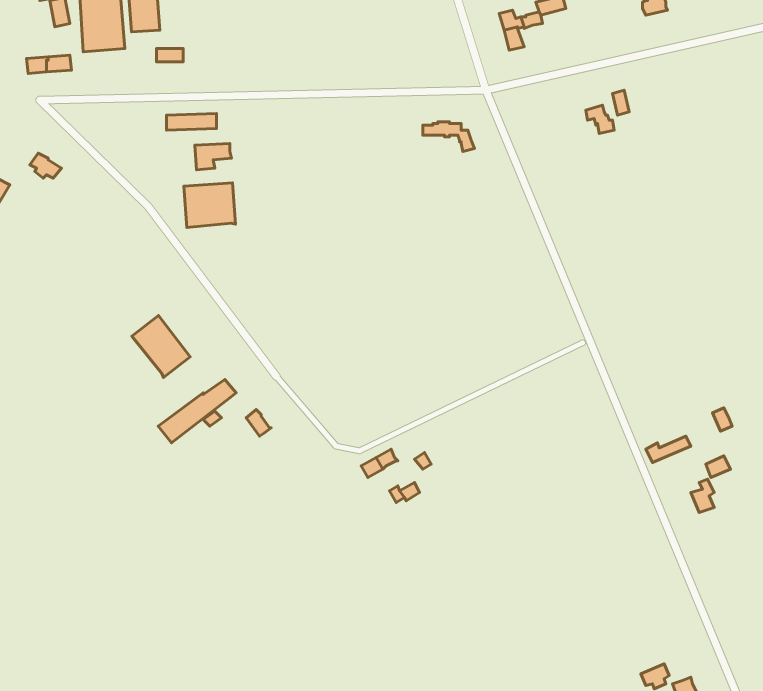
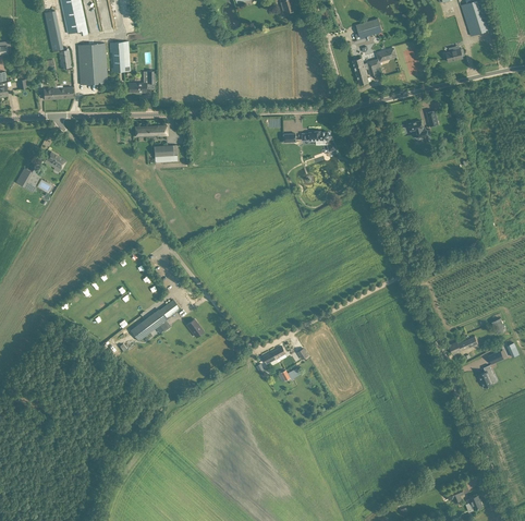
building: [184,183,235,227] -> none
building: [132,316,190,377] -> none

